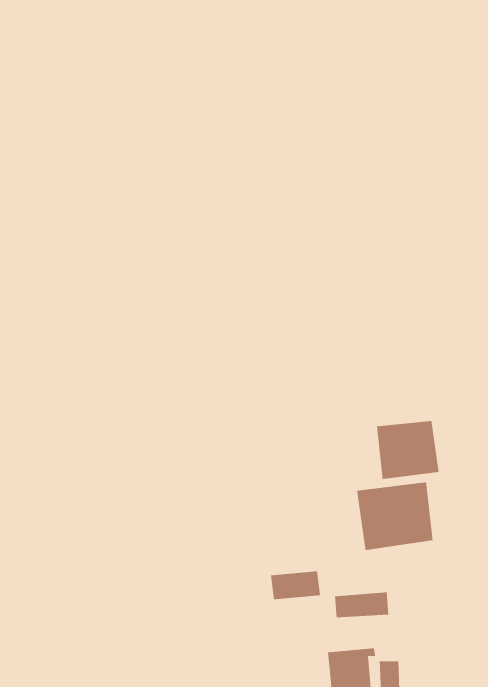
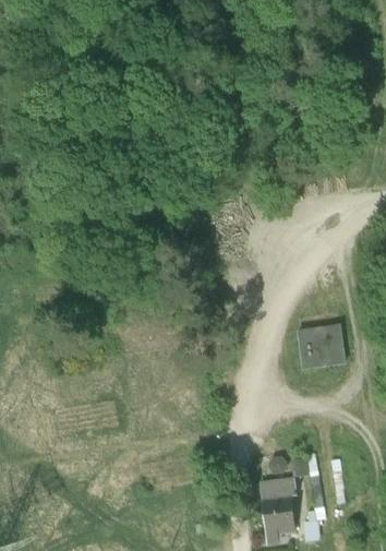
building: [356,481,433,551] -> none
building: [270,571,321,600] -> [258,478,297,500]

